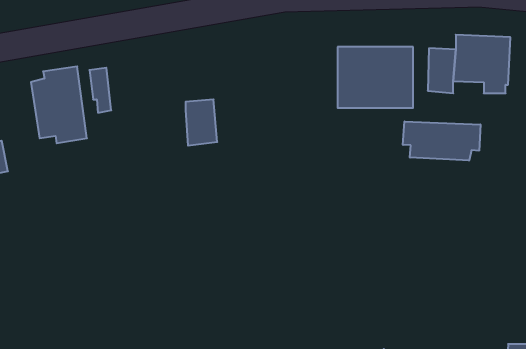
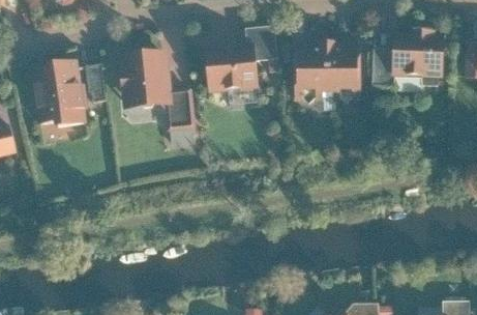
building: none -> [203,26,275,91]
building: none -> [120,52,166,103]
building: [403,121,480,161] -> none

